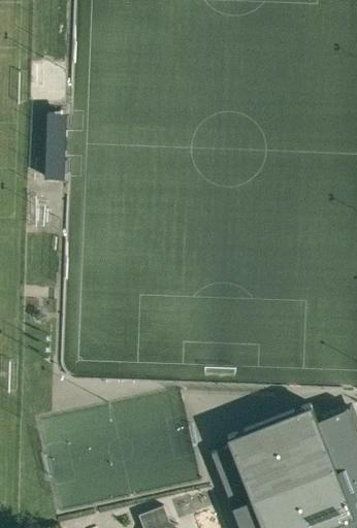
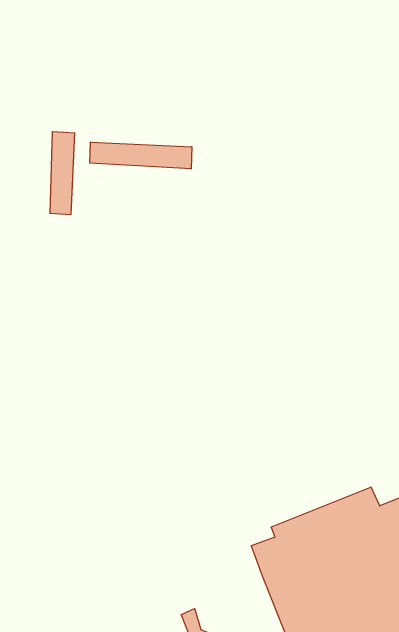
building: none -> [90,142,192,169]

